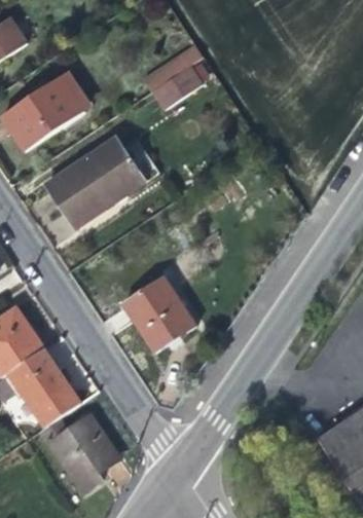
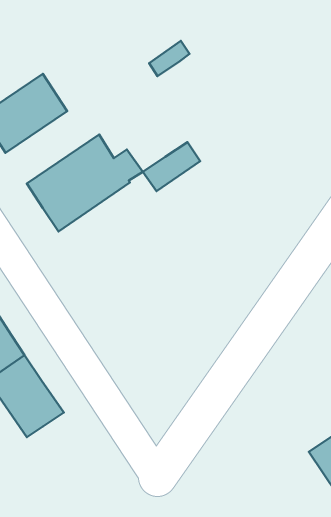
building: [150,64,206,111] -> [143,142,200,191]
building: [121,274,196,353] -> none
building: [40,413,119,492] -> none

